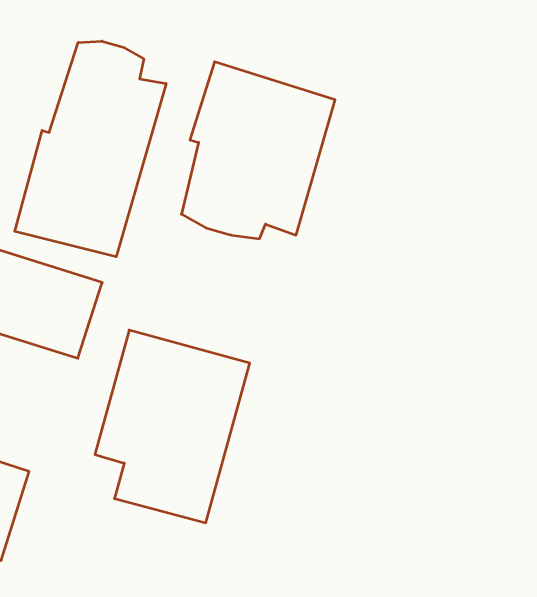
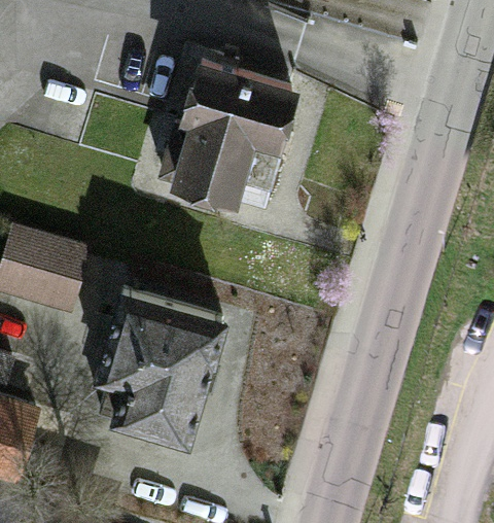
building: [15,41,166,257] -> none

